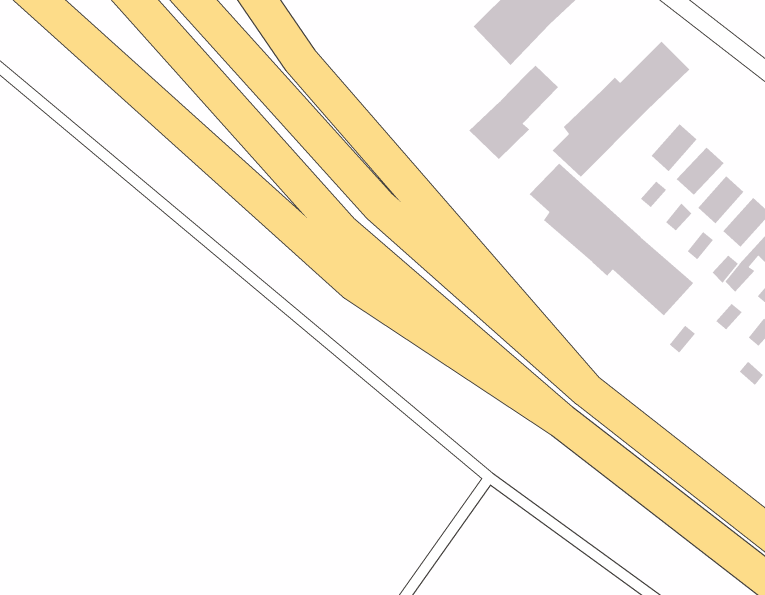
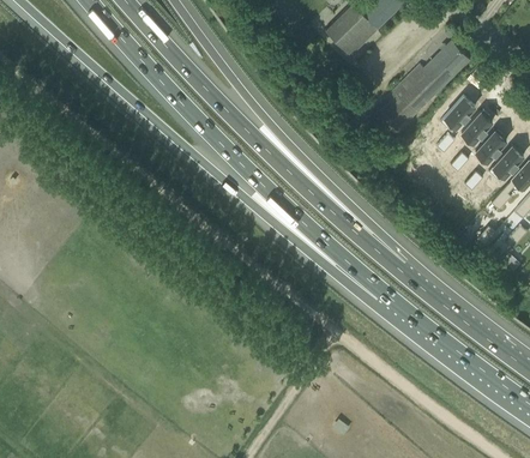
building: [469,65,559,160] -> none
building: [529,163,694,316] -> none

